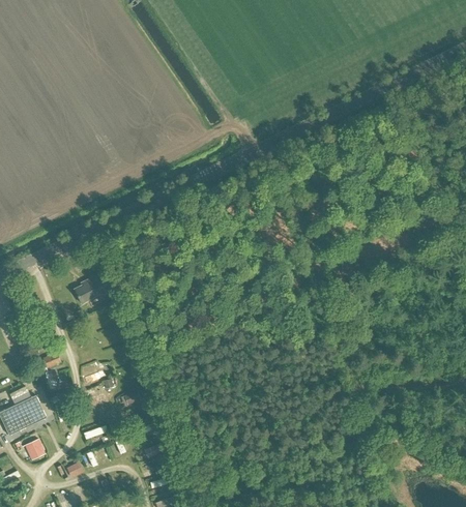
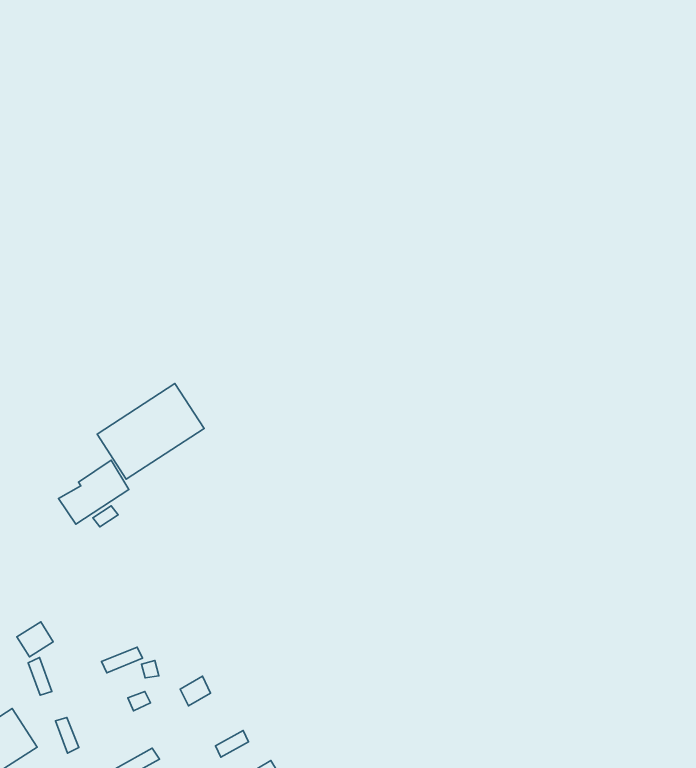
building: none -> [97,383,204,479]

